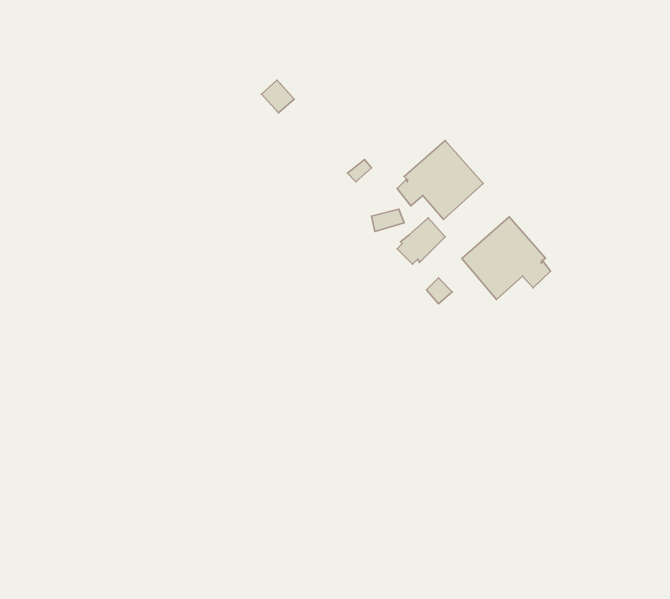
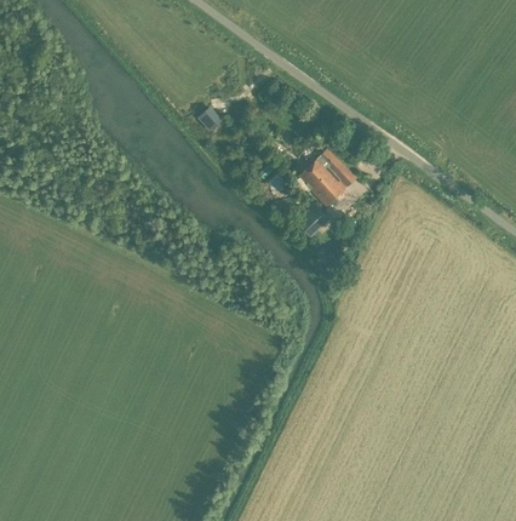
building: [462,217,551,300] -> none

